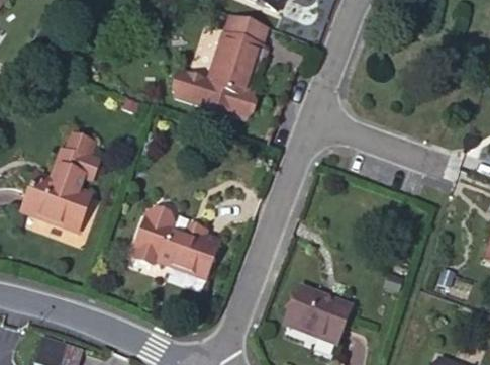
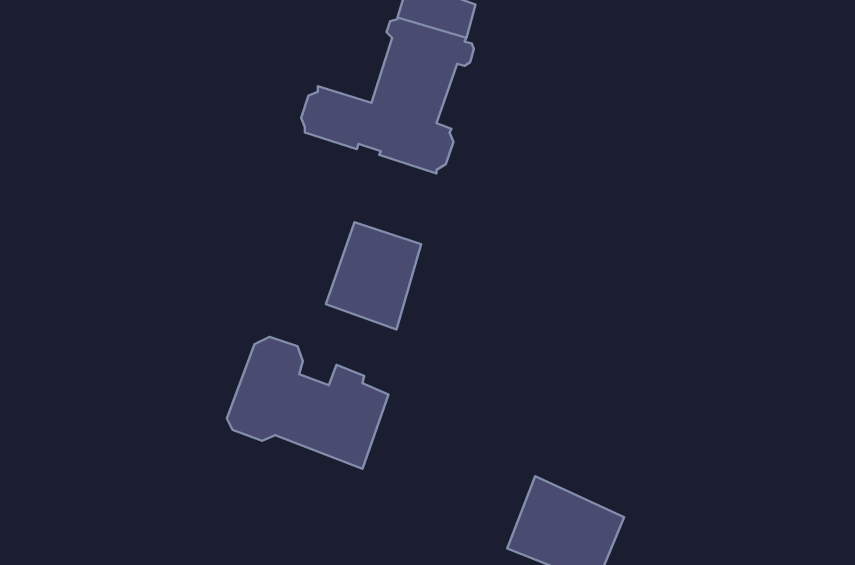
building: [22,131,101,230] -> none
building: none -> [326,222,421,330]

